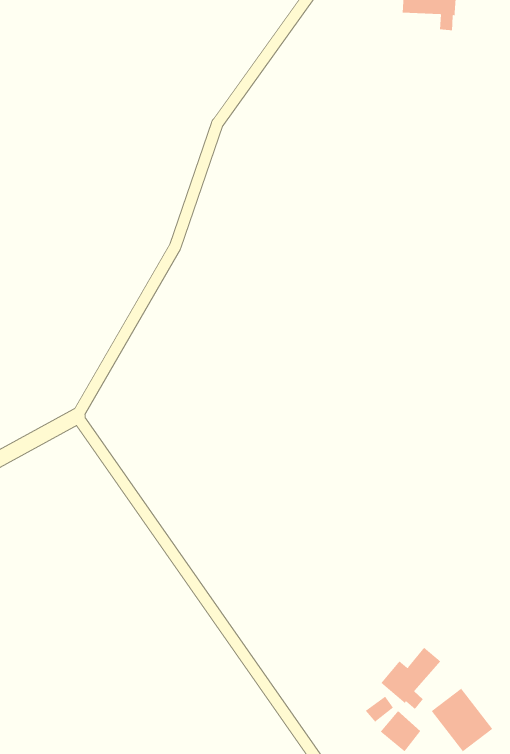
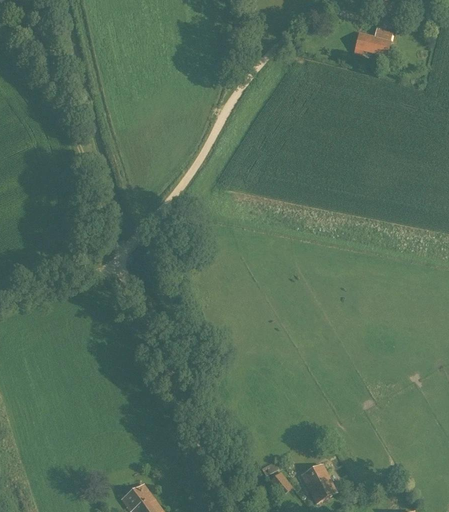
building: [380,647,441,710] -> none

